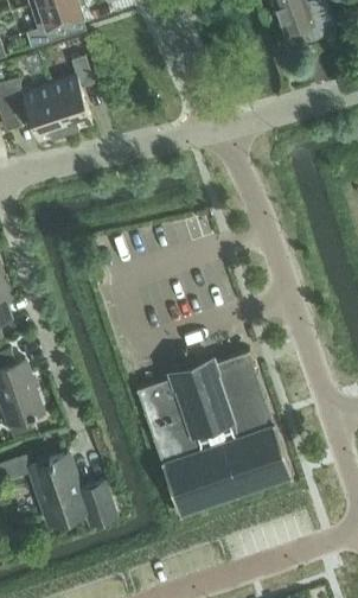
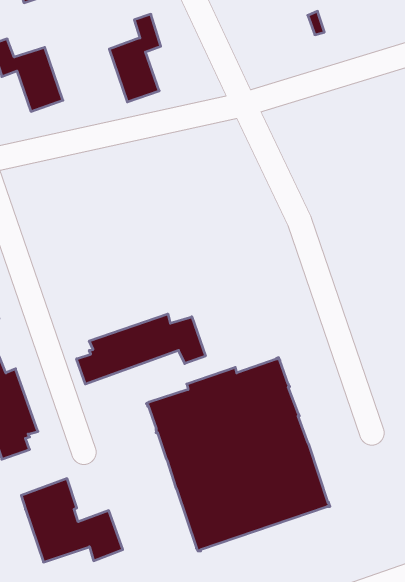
building: [49,57,92,132] -> [109,14,161,102]
building: none -> [77,314,205,384]

